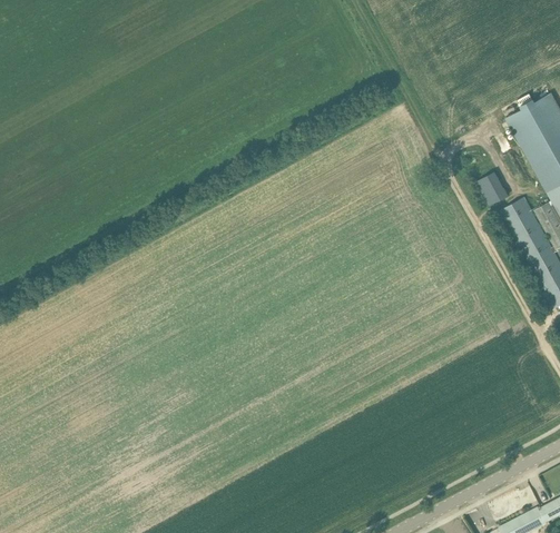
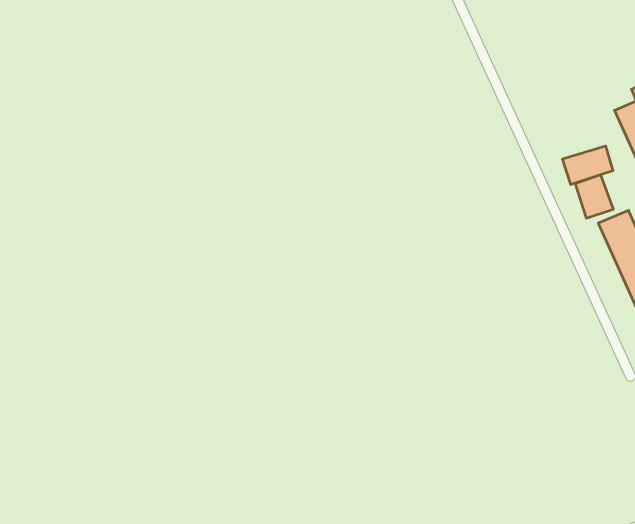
building: none -> [563,146,613,185]

